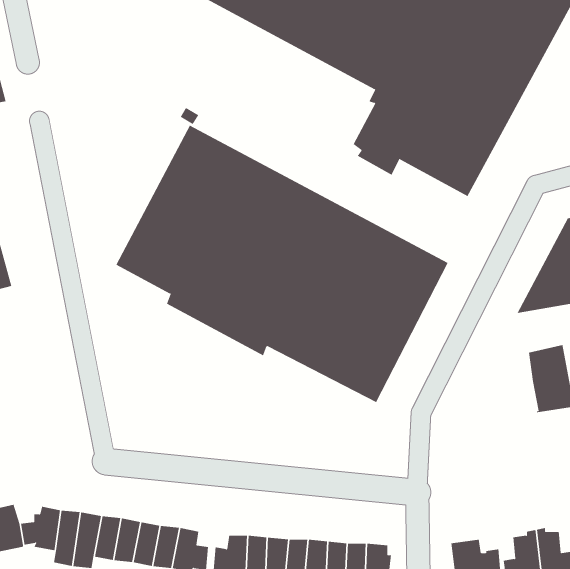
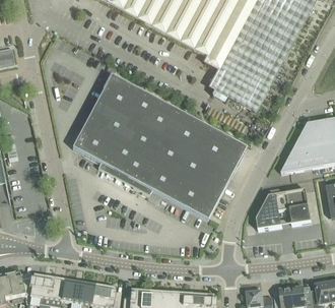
building: none -> [257,193,289,230]

